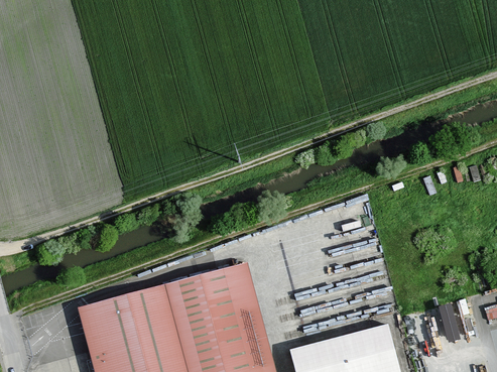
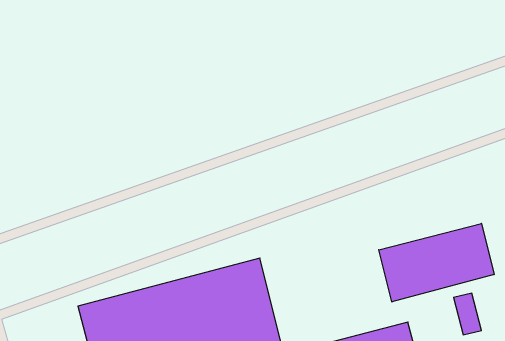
building: none -> [379,223,494,302]

